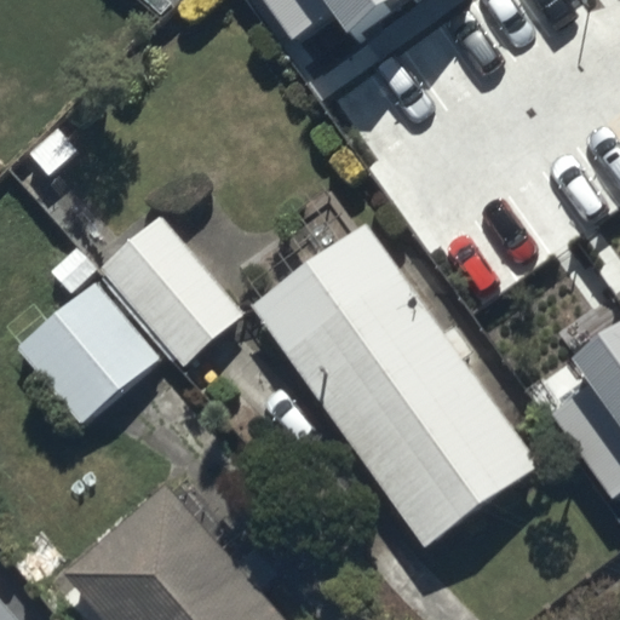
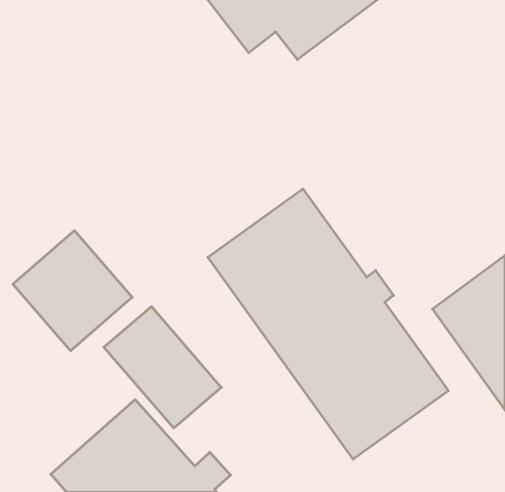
building: [101,214,247,367] -> none
building: none -> [104,307,221,428]

